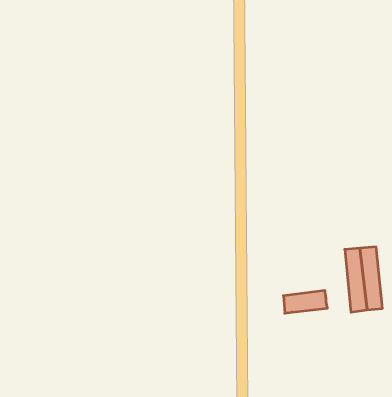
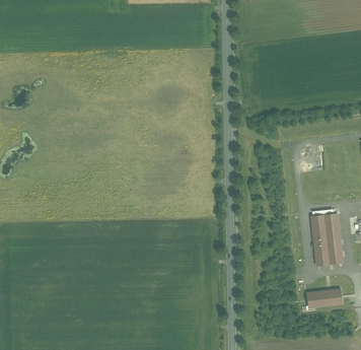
building: [283,291,327,313] -> [307,289,343,307]

